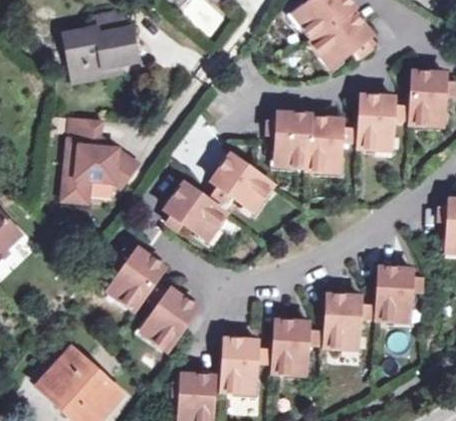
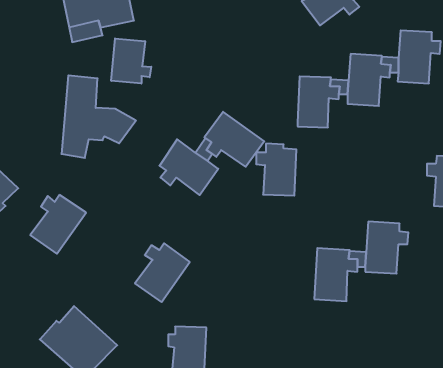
building: none -> [111,38,151,84]
building: [267,113,308,166] -> [256,144,296,196]
building: [106,249,164,309] -> [30,195,86,254]
building: [272,321,316,375] -> none
building: [221,339,265,393] -> none

